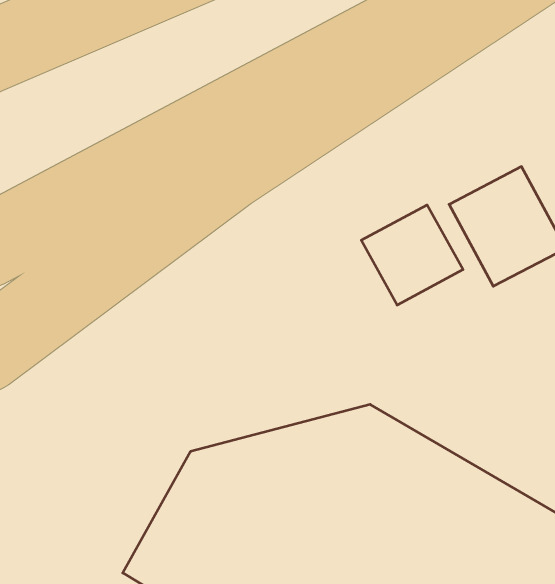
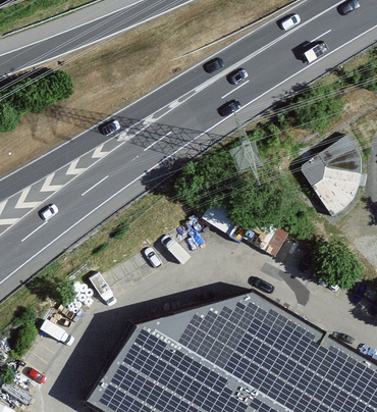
building: [361,205,463,305] -> none

